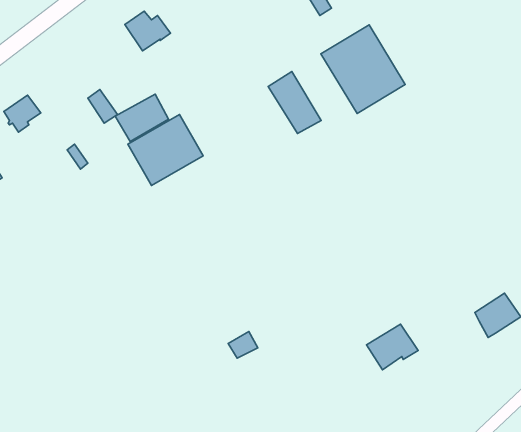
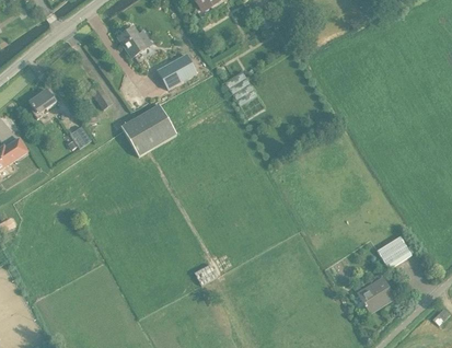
building: [321,25,405,113] -> none
building: [115,94,168,141] -> [155,54,195,89]
building: [366,324,418,370] -> [356,277,394,311]

